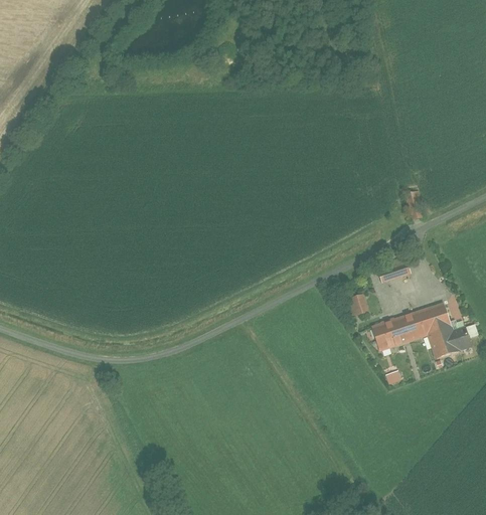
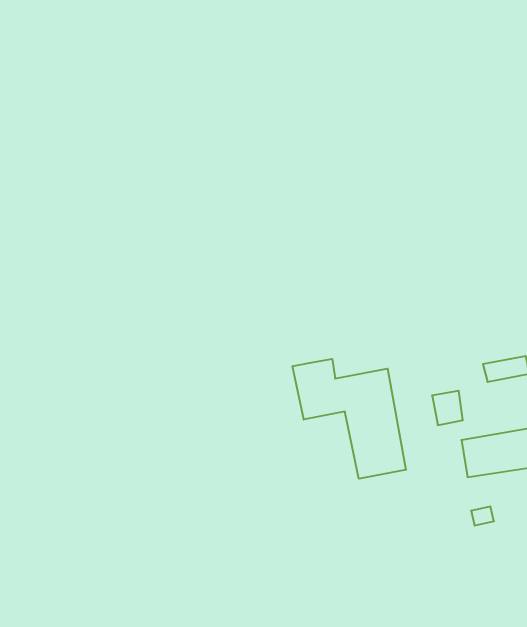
building: none -> [293,359,406,479]

